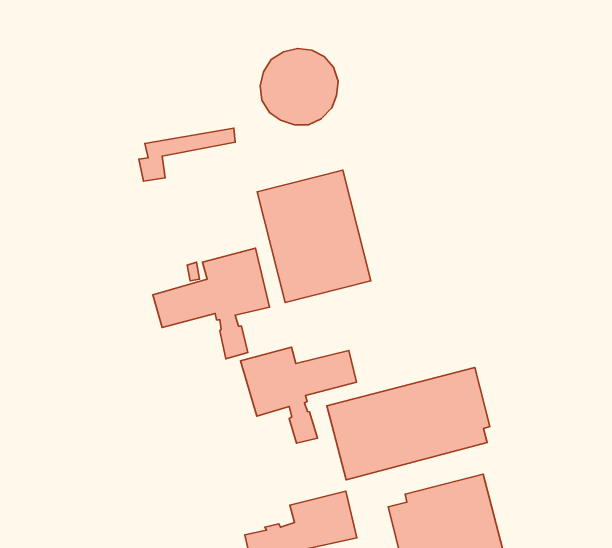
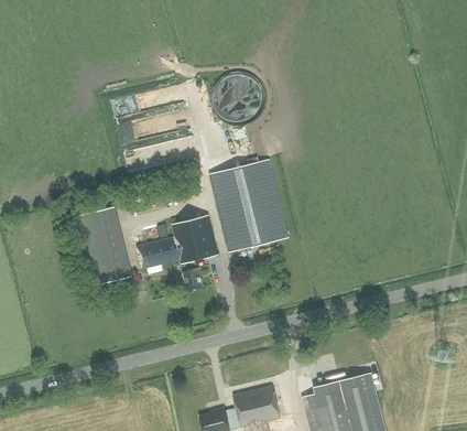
building: none -> [80,207,132,285]
building: [240,347,356,443] -> none
building: [327,368,490,480] -> none

